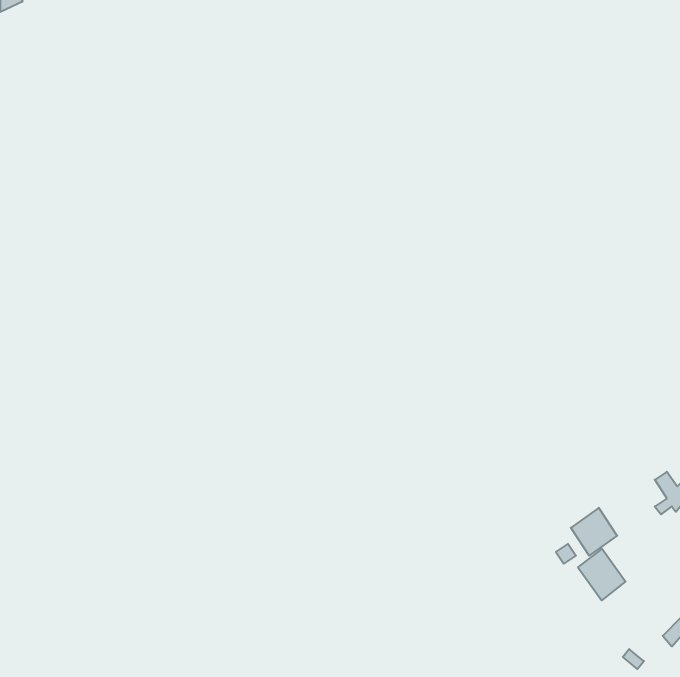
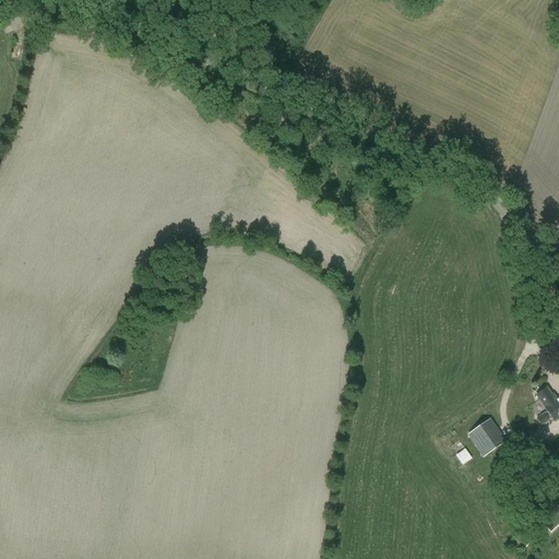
building: [578,549,626,600] -> none

